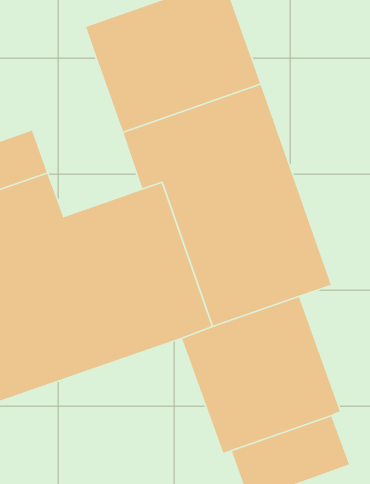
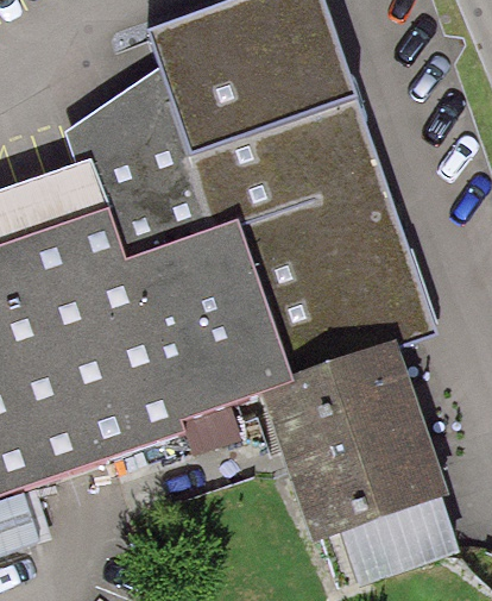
building: none -> [68,67,216,259]

